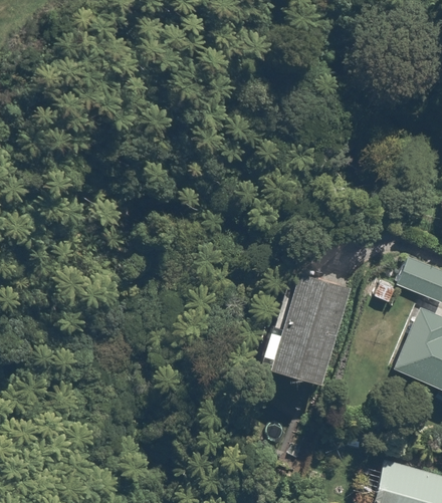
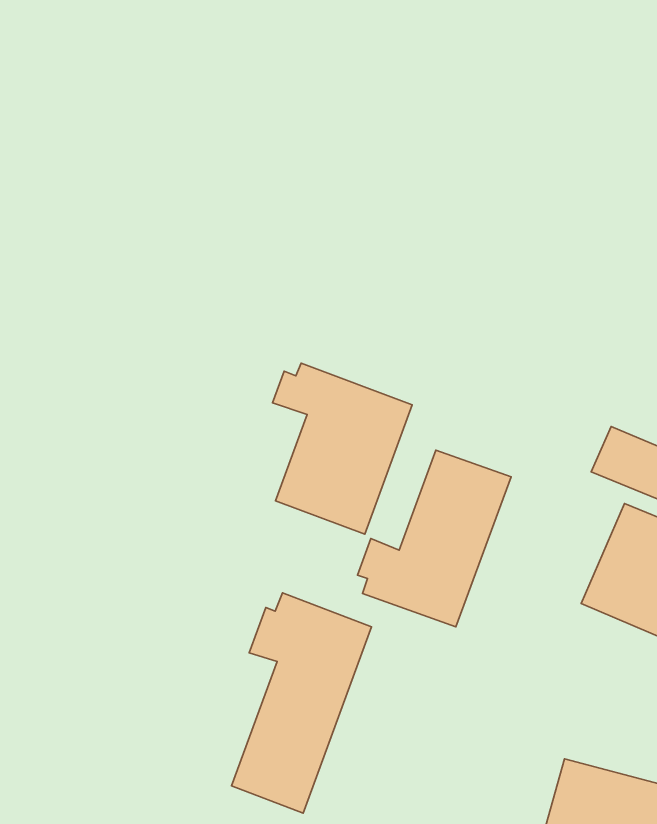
building: none -> [272,363,412,534]
building: none -> [232,593,371,813]

